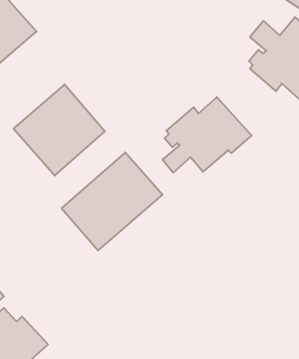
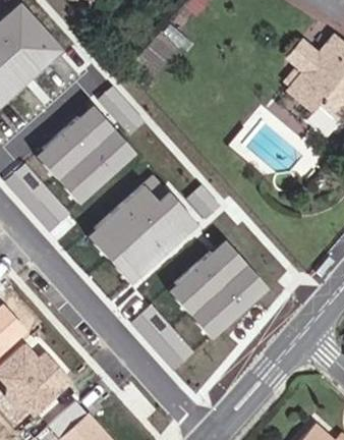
building: [163,97,252,173] -> none
building: none -> [167,240,266,338]

